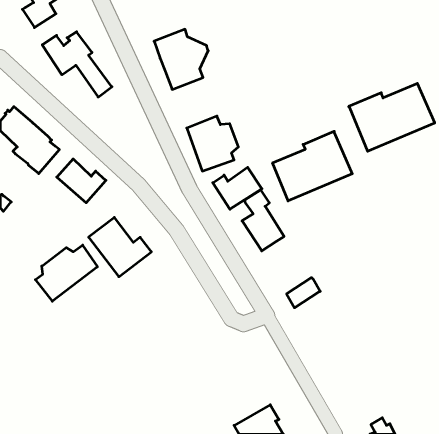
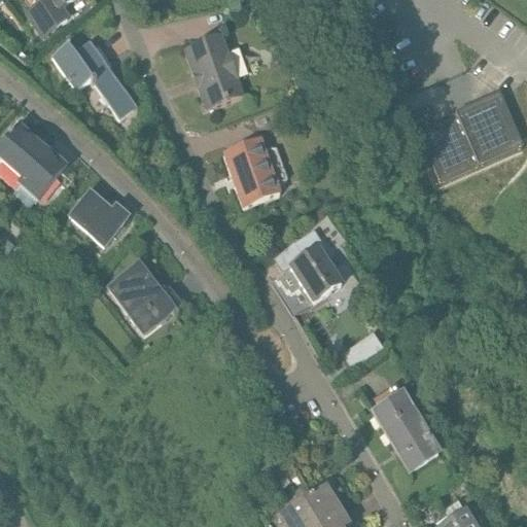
building: [273,131,352,201] -> none
building: [213,167,262,209] -> none
building: [35,245,97,301] -> none
building: none -> [375,394,437,469]

